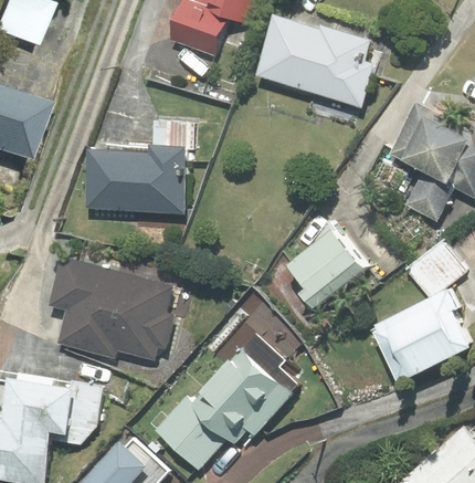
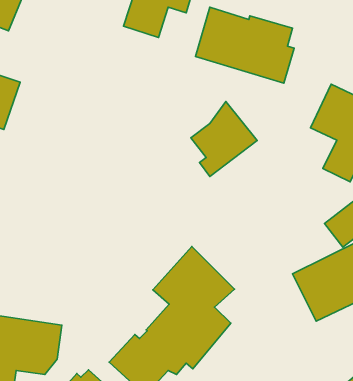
building: [85,120,194,211] -> none
building: [287,223,365,311] -> [191,102,257,177]
building: [49,256,173,358] -> none

